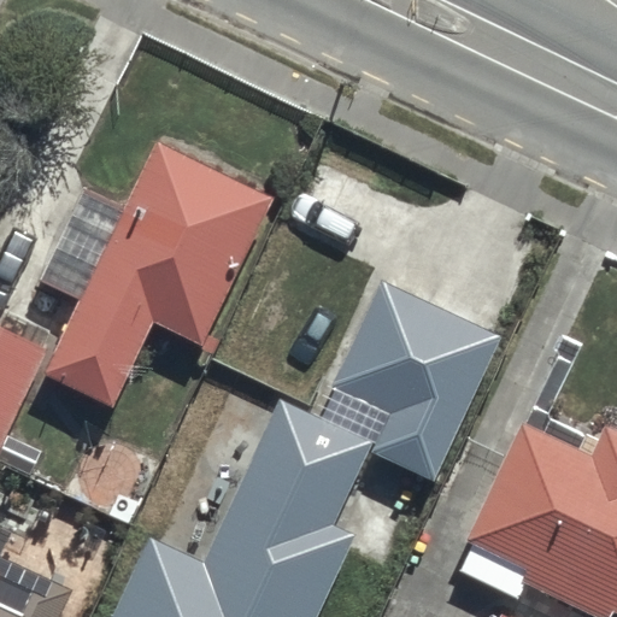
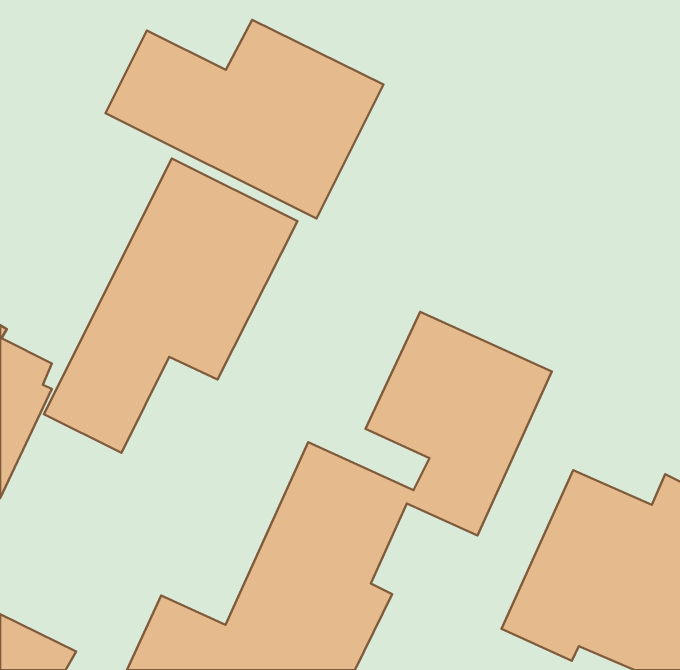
building: none -> [105,20,383,218]

